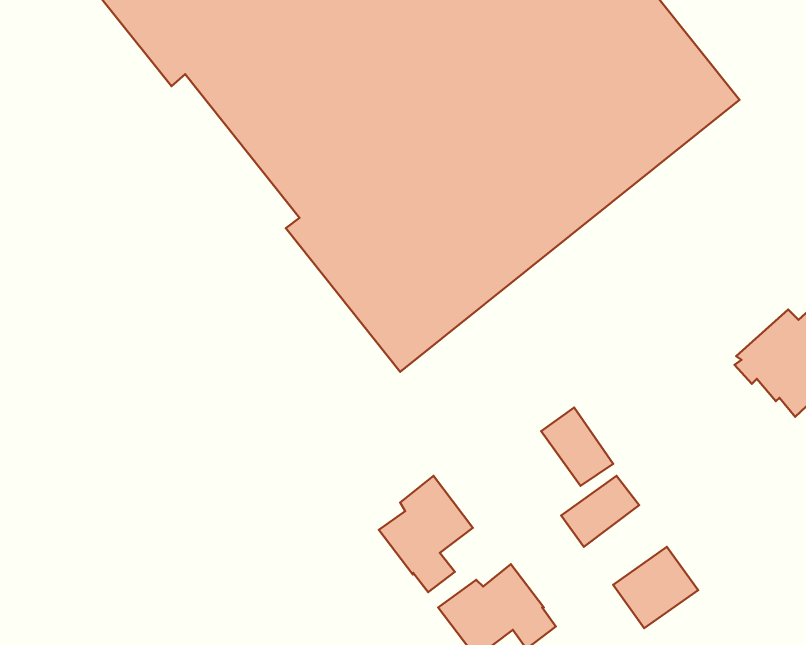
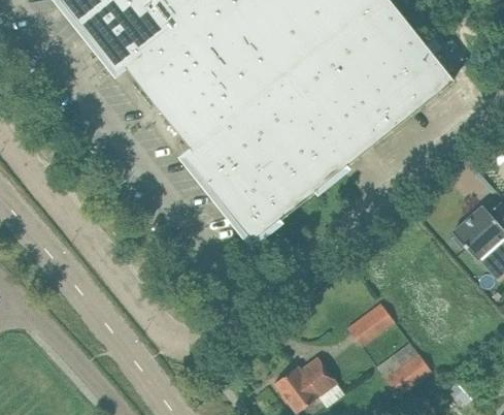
building: [541,408,613,486] -> none
building: [379,476,473,592] -> none

